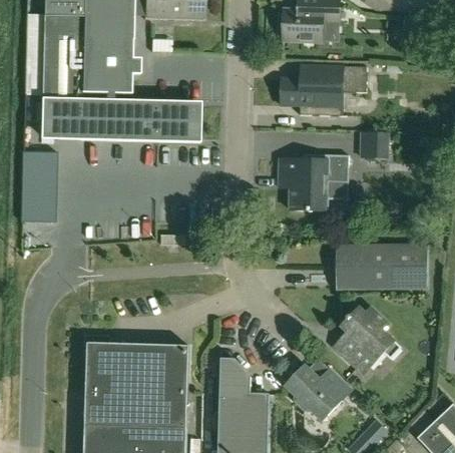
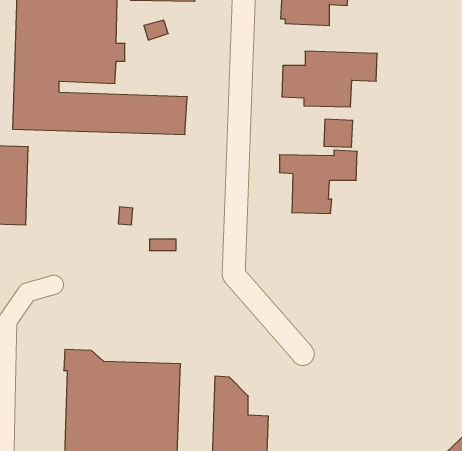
building: [361,132,387,157] -> [324,119,353,147]
building: [336,245,427,290] -> none
building: [338,308,401,374] -> none
building: [286,366,351,421] -> none

